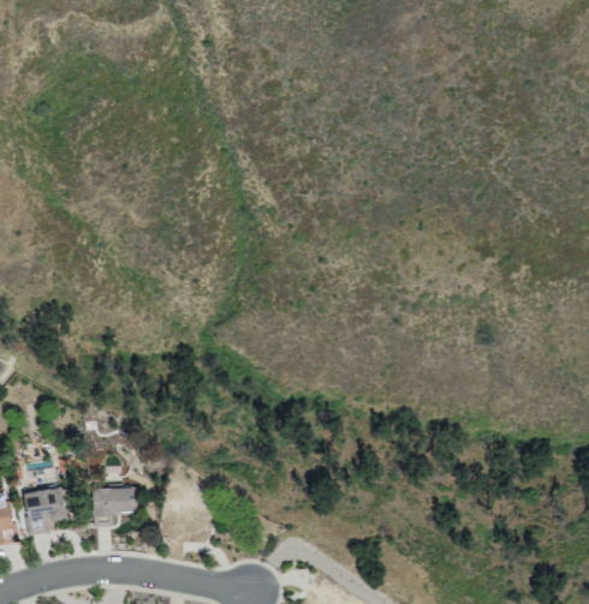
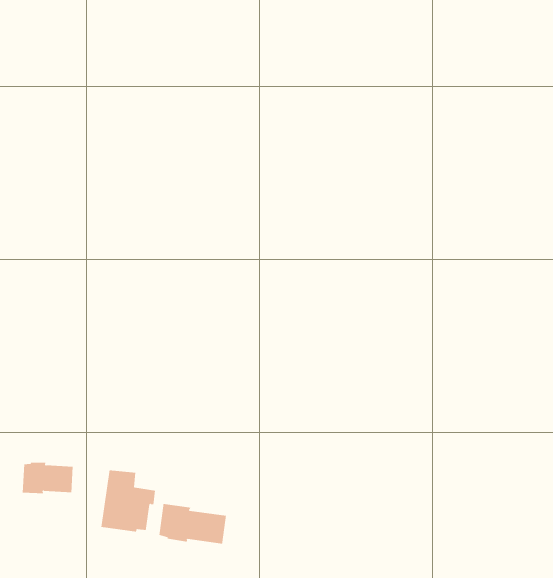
building: none -> [159,503,227,544]

